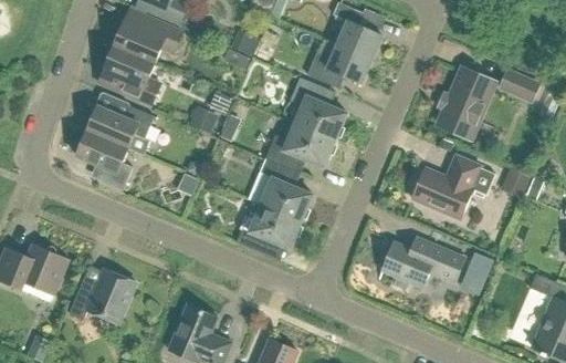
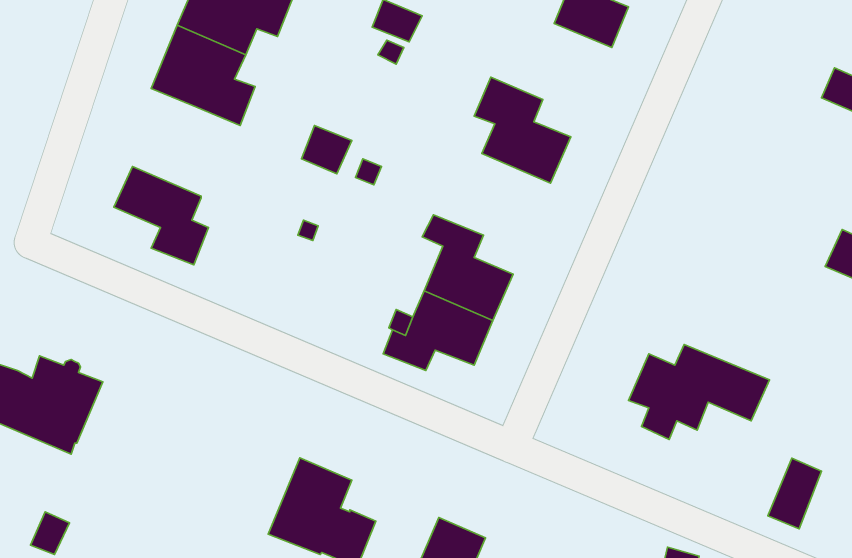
building: [306,43,371,83] -> none
building: [438,66,494,136] -> none
building: [86,104,154,154] -> none
building: [265,121,335,169] -> none
building: [411,153,493,217] -> none
building: [459,251,491,293] -> [768,458,822,529]
building: [69,267,135,321] -> none

